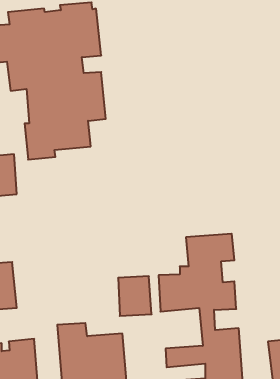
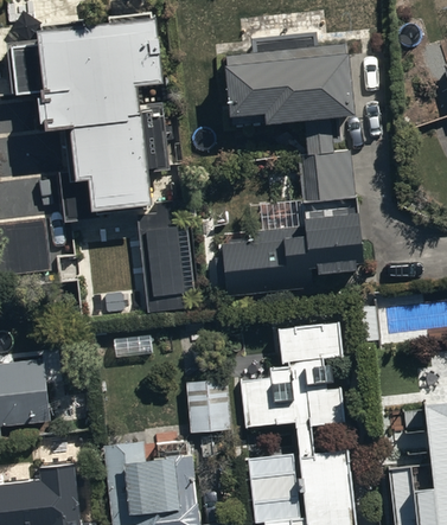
building: none -> [236,32,345,142]
building: none -> [223,153,363,294]
building: none -> [140,198,186,312]

